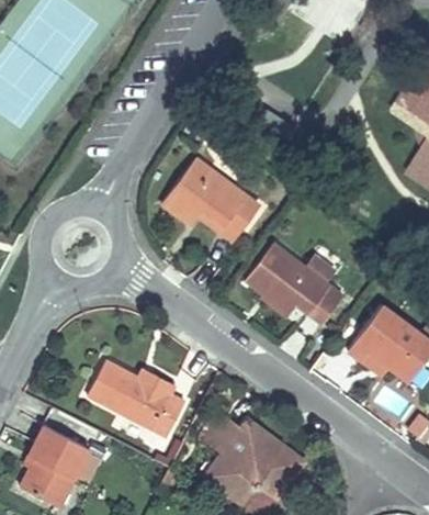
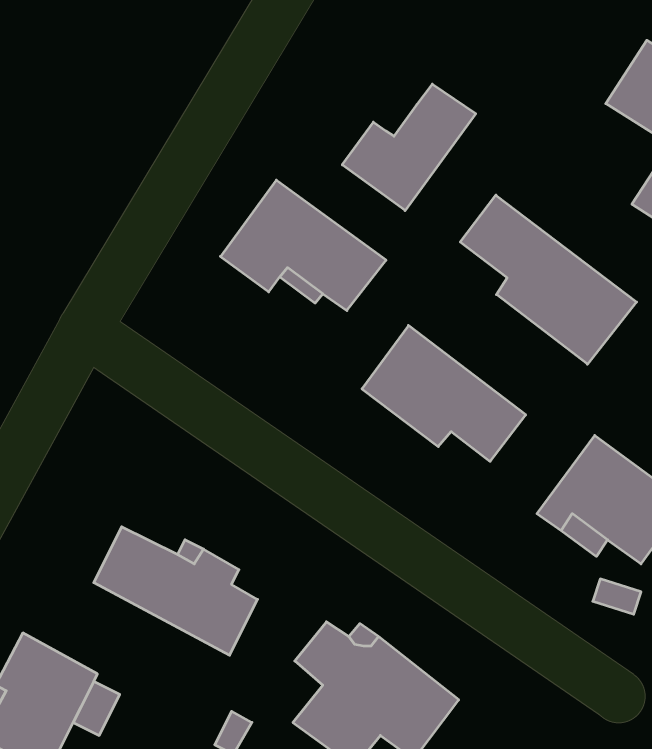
building: none -> [342,84,476,211]
building: none -> [460,195,637,364]

